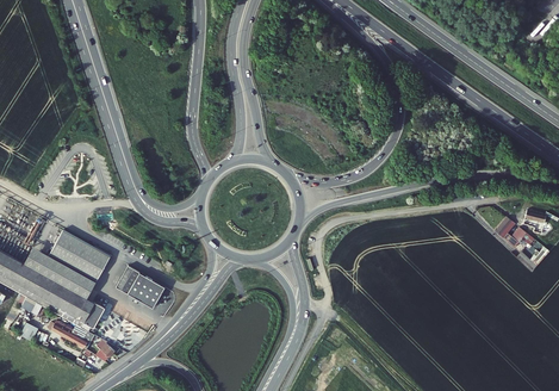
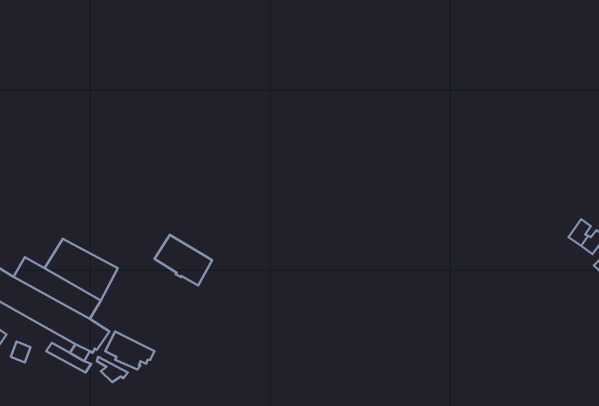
building: [114,266,163,309] -> [154,235,212,286]

